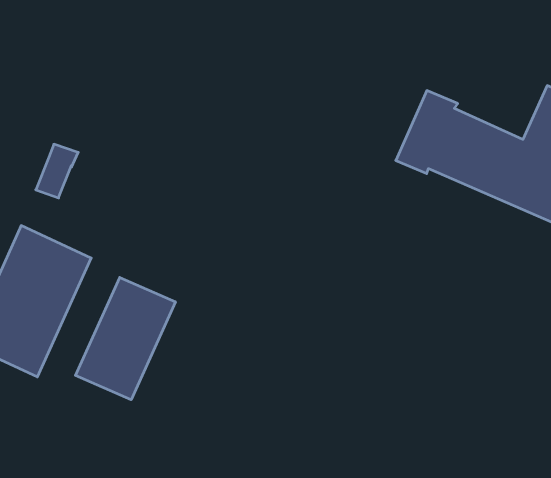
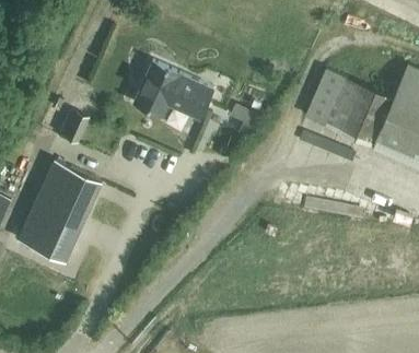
building: none -> [131,62,211,120]
building: [75,277,175,400] -> none

